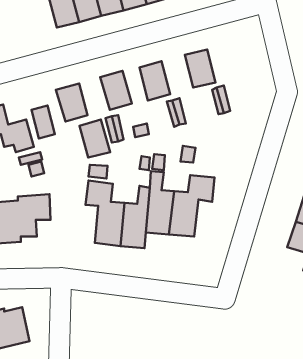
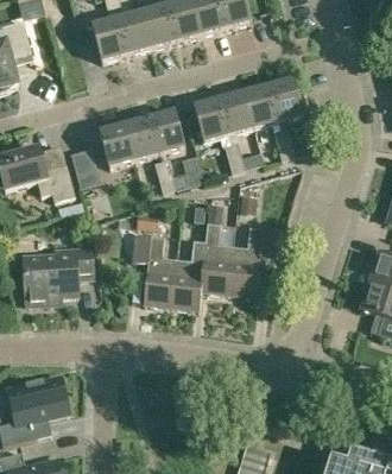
building: none -> [268,78,303,122]
building: none -> [217,91,253,135]
building: [80,119,110,157] -> [125,116,159,159]

